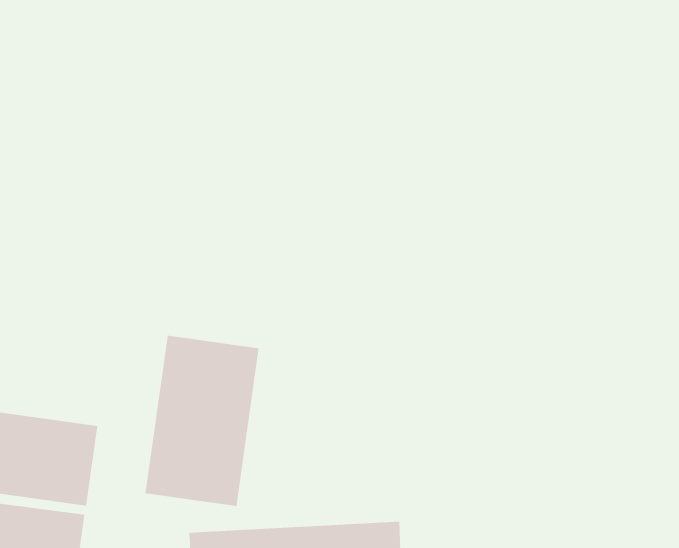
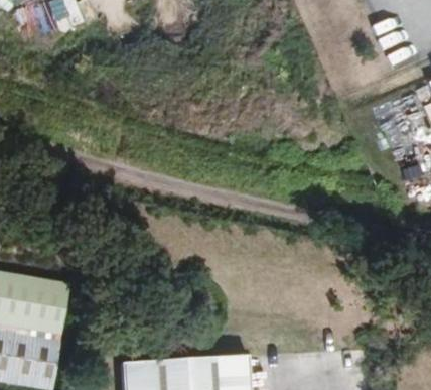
building: [145,335,259,507] -> none

